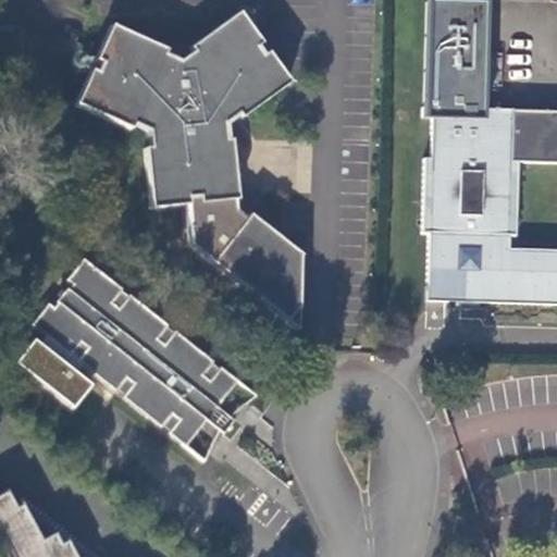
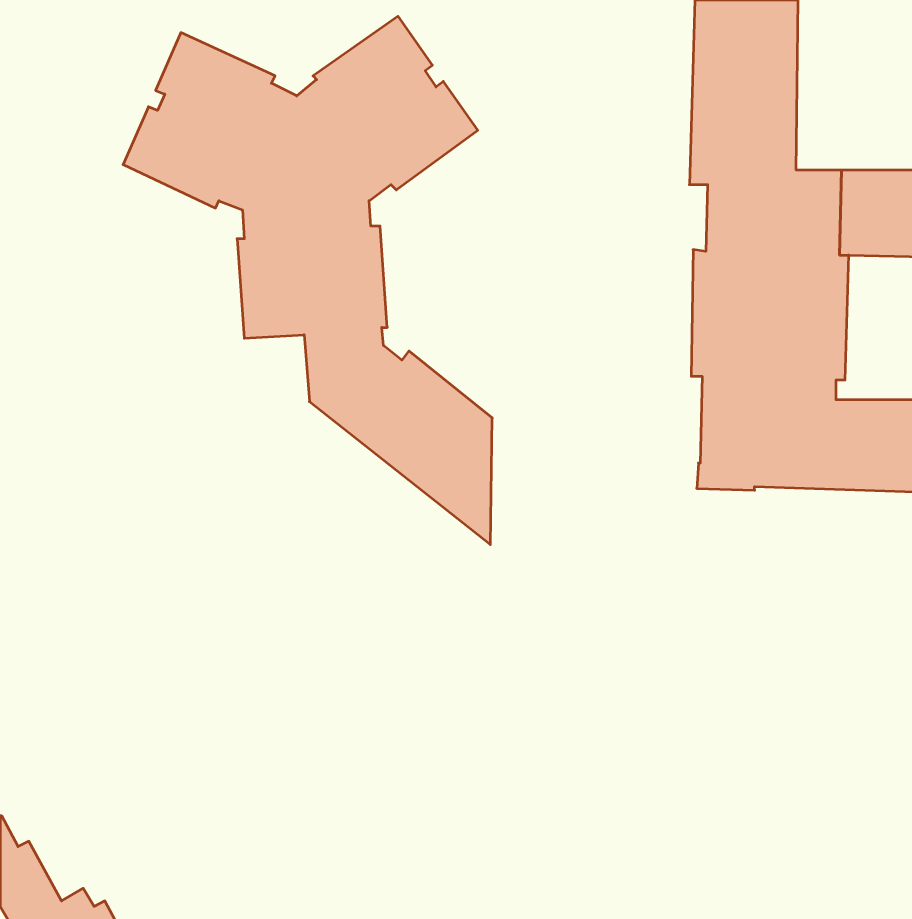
building: [22,262,244,449] -> none

